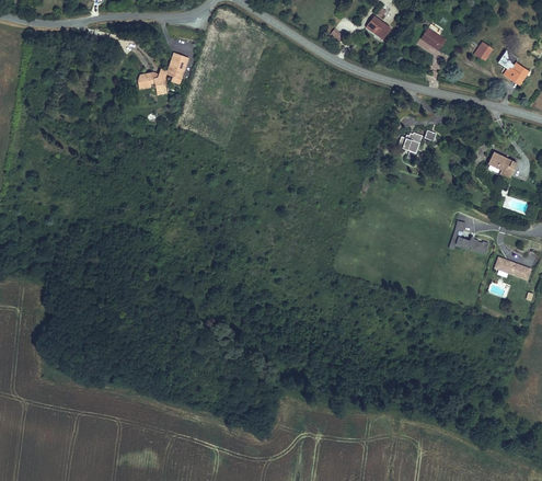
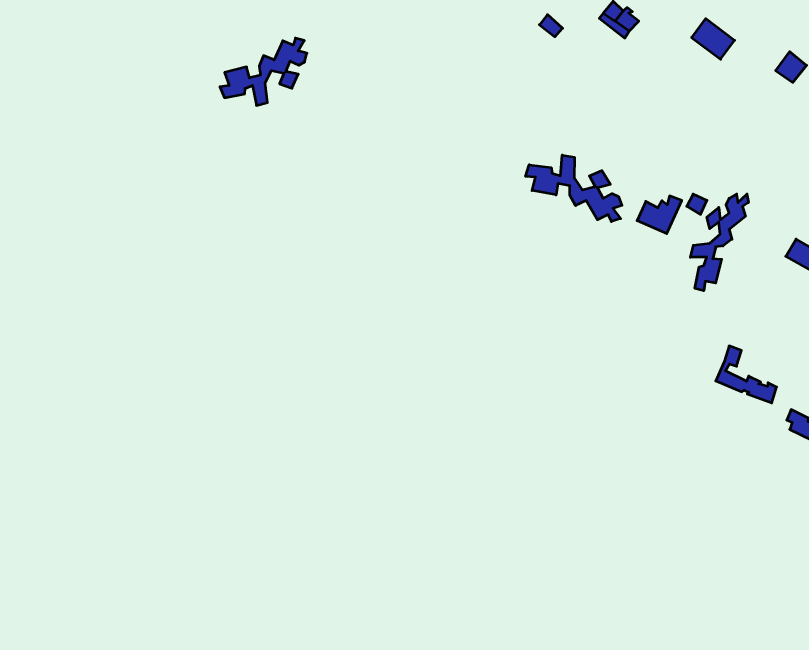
building: none -> [526,155,622,222]
building: none -> [690,194,748,291]

